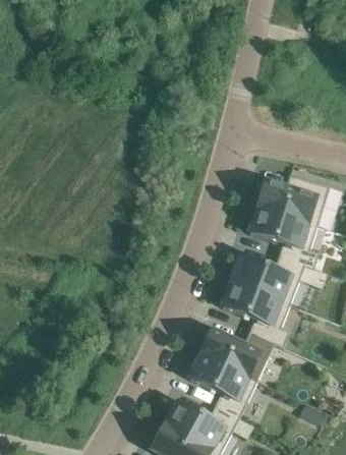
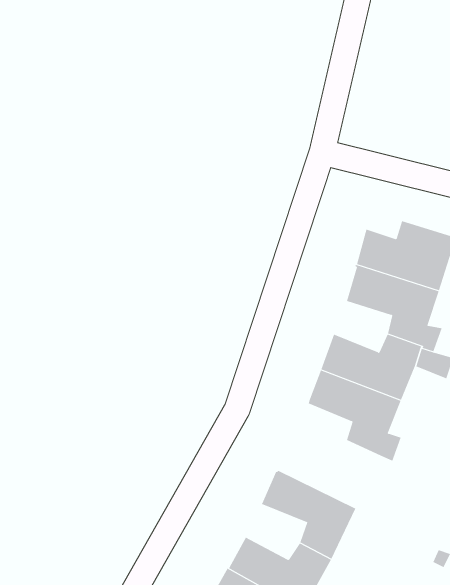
building: [201,329,275,380] -> none

